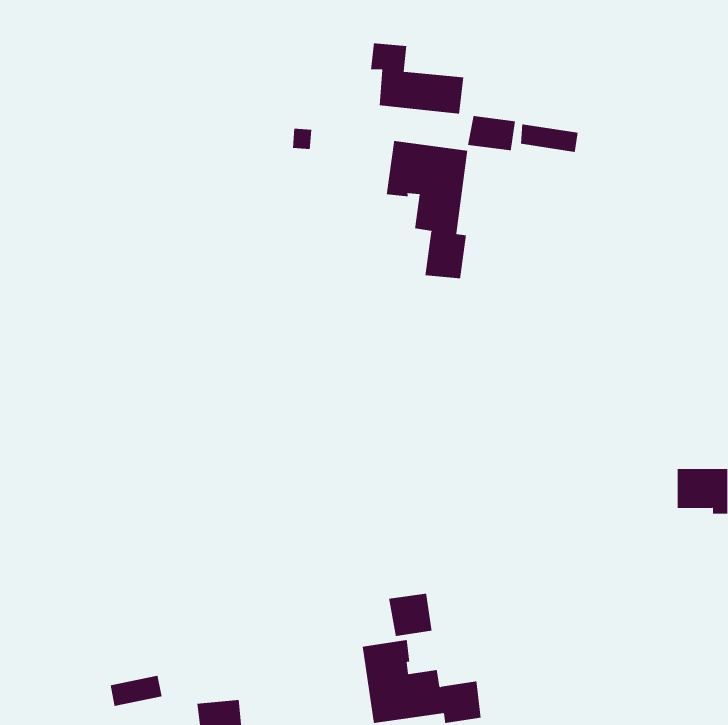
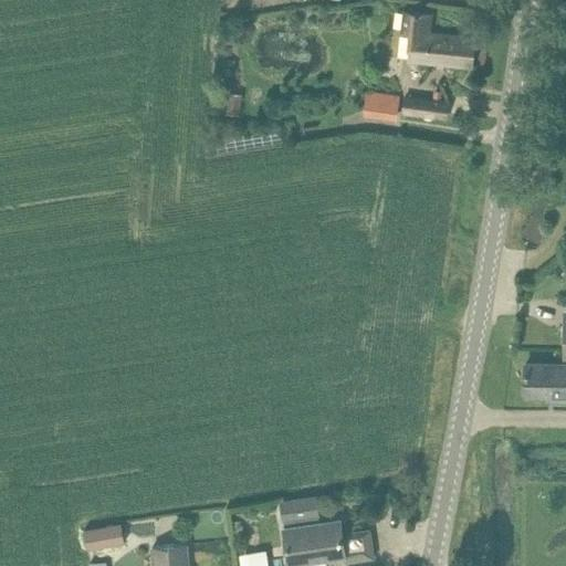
building: [370,43,464,114] -> [402,12,475,67]
building: [386,140,468,279] -> none
building: [388,593,432,637] -> none

